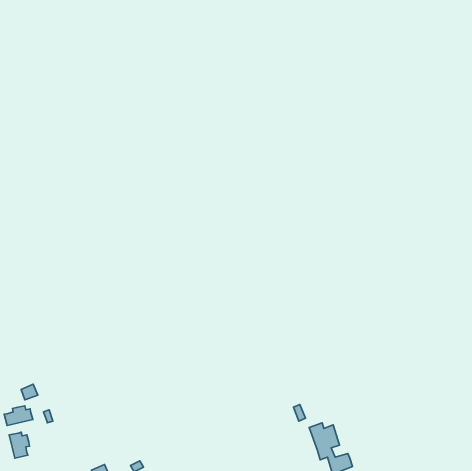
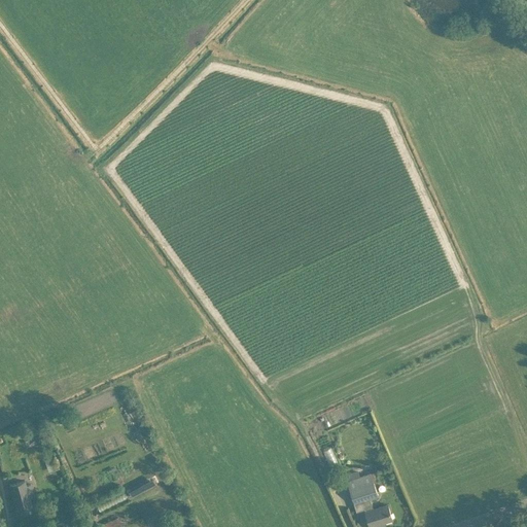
building: [4,406,33,426] -> none

